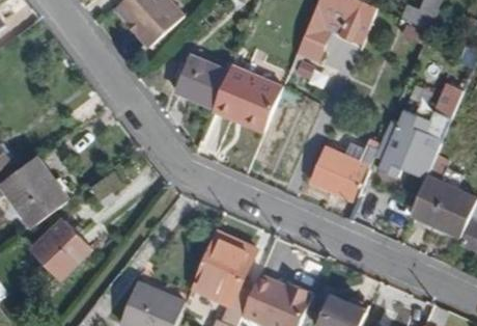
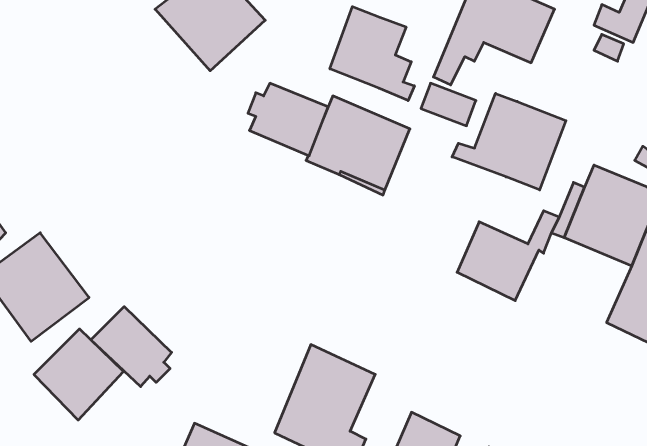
building: none -> [330,7,414,101]
building: none -> [452,93,566,190]
building: none -> [91,307,172,387]

